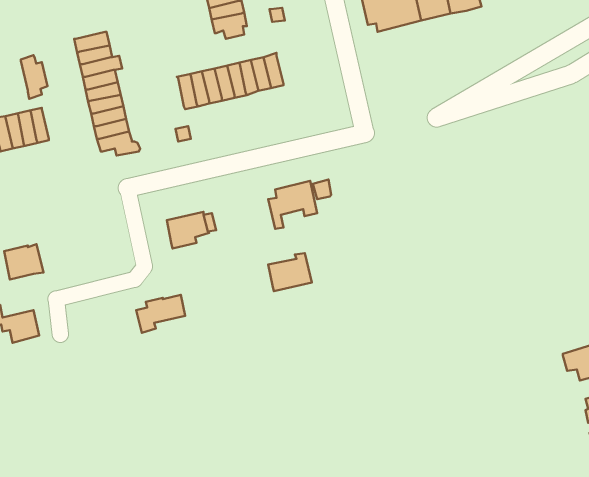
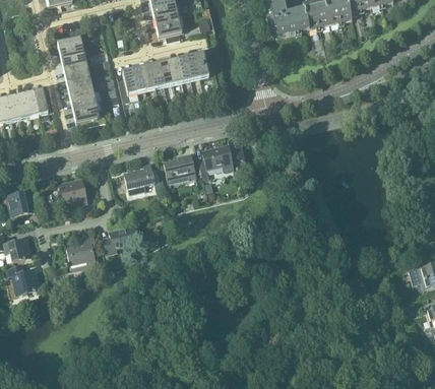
building: [21,55,47,99] -> [34,88,53,120]
building: none -> [118,69,137,102]
building: none -> [53,178,86,203]
building: [268,253,312,291] -> [164,153,195,181]
building: none -> [66,235,100,267]
building: none -> [9,265,39,295]

